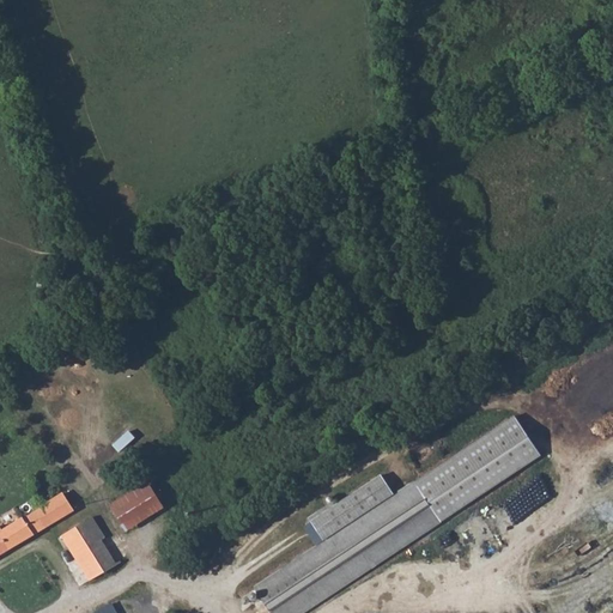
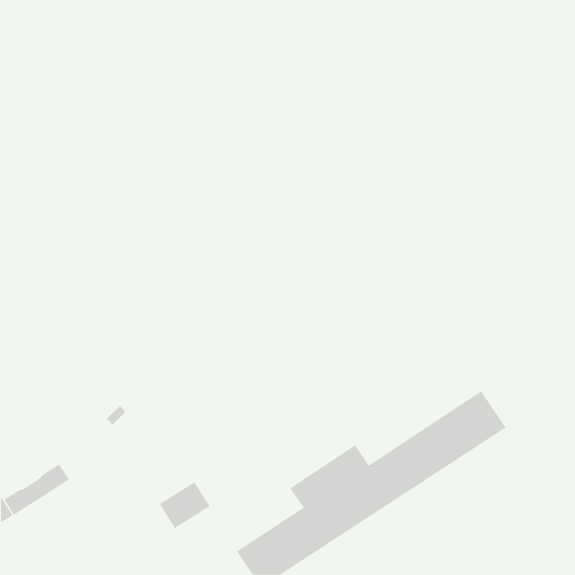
building: [111,482,166,533] -> [159,482,211,529]
building: [62,518,116,581] -> none

